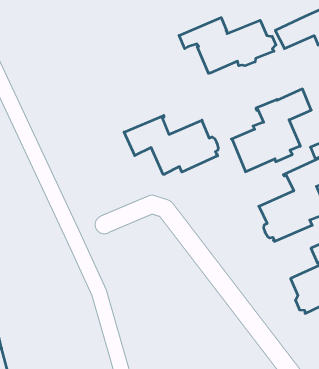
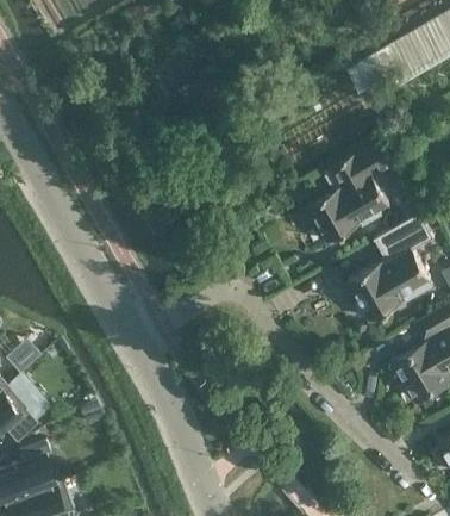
building: [179,18,276,73] -> none
building: [124,115,218,174] -> none

